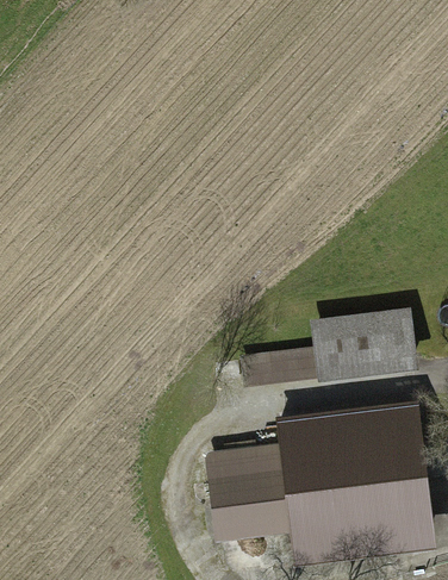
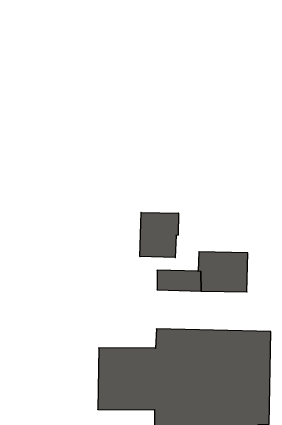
building: none -> [140,212,178,258]
building: [375,313,411,364] -> none

